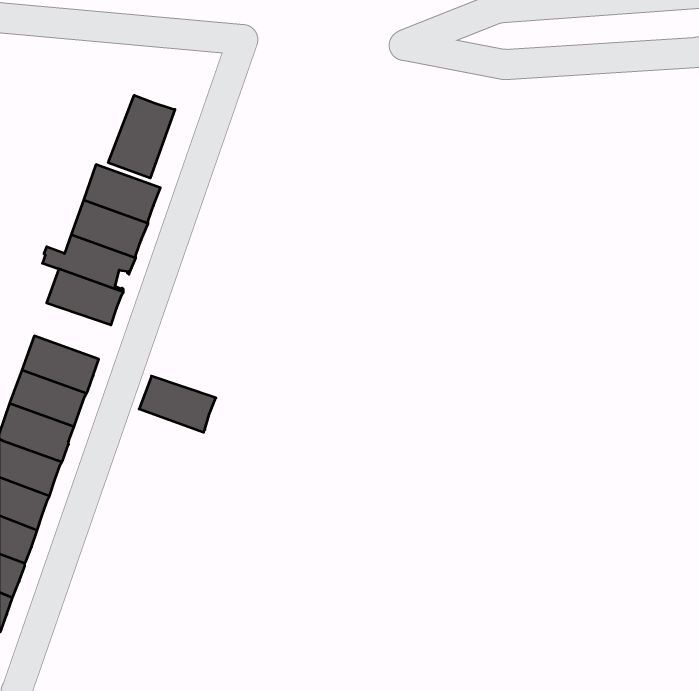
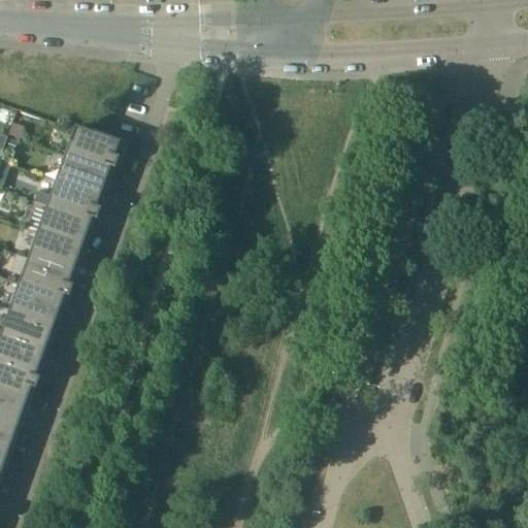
building: [108,95,175,178] -> none
building: [139,376,216,432] -> [26,228,84,270]

